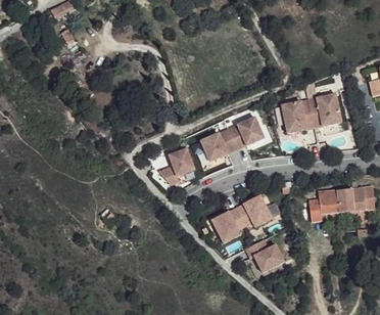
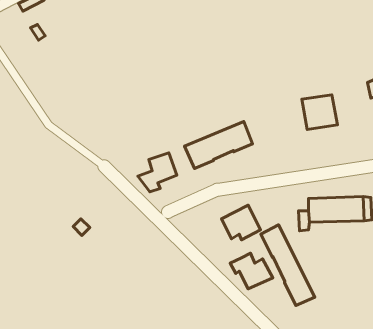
building: [282,98,314,131] -> none
building: [210,208,244,242] -> none
building: none -> [261,225,315,306]

